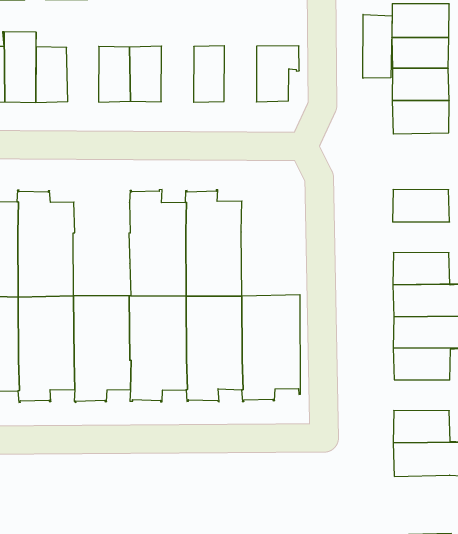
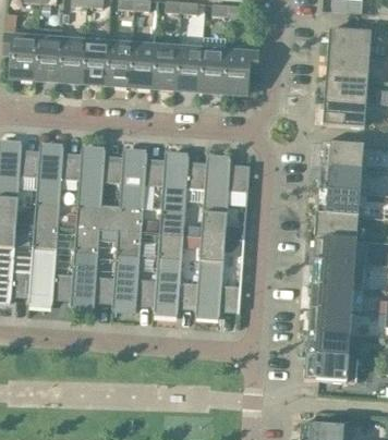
building: [363,14,392,78] -> none
building: none -> [198,49,226,93]
building: none -> [151,46,179,89]
building: none -> [82,41,108,84]
building: none -> [319,142,363,169]
building: none -> [201,157,250,239]
building: none -> [75,148,122,230]
building: none -> [316,190,360,216]
building: none -> [307,307,351,333]

